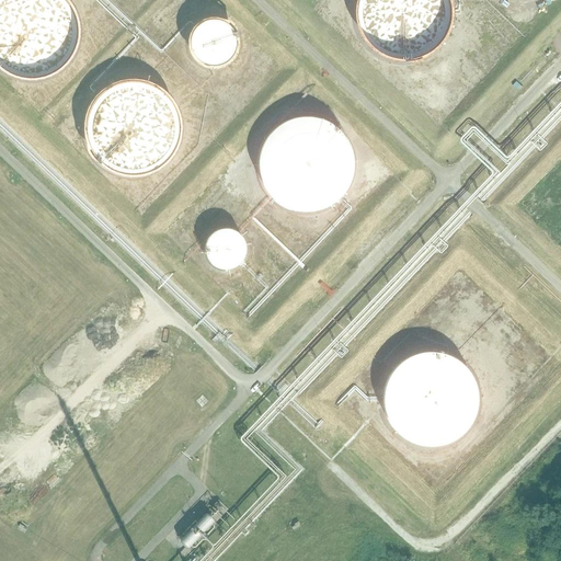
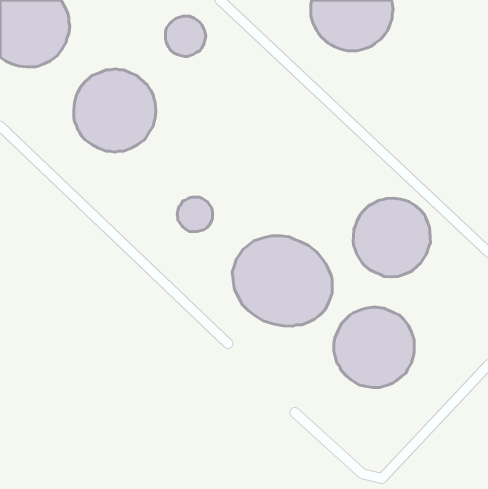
building: [259,116,352,209] -> none
building: none -> [353,198,431,277]
building: none -> [232,236,332,326]

